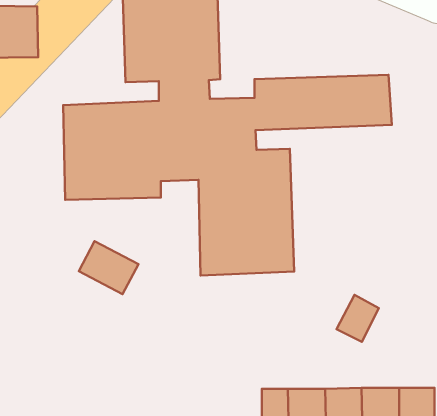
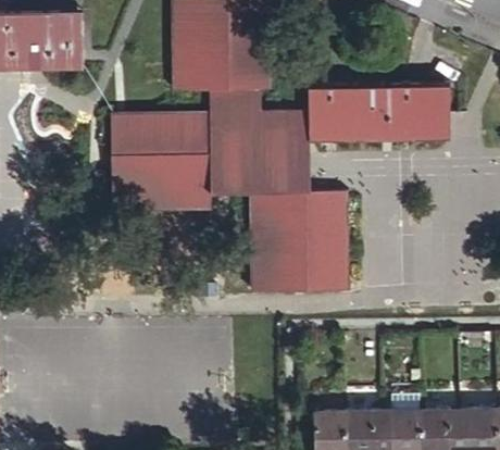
building: [79,241,138,294] -> none
building: [337,295,379,342] -> none

